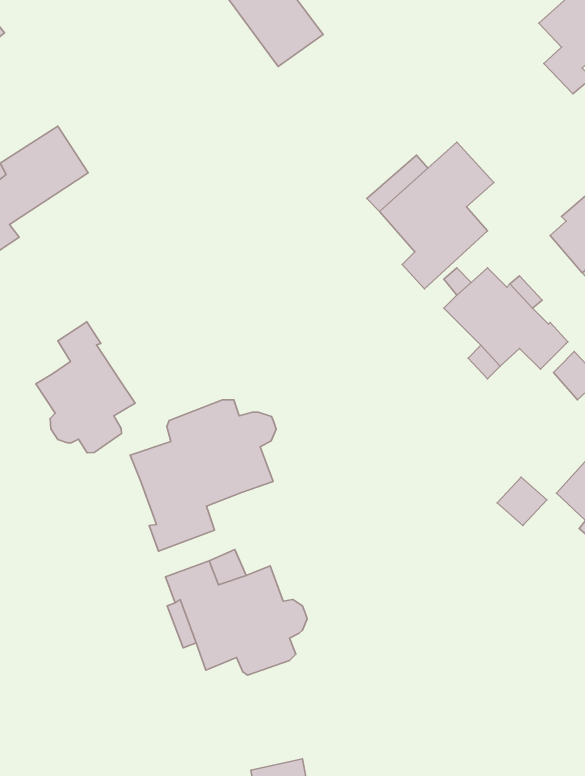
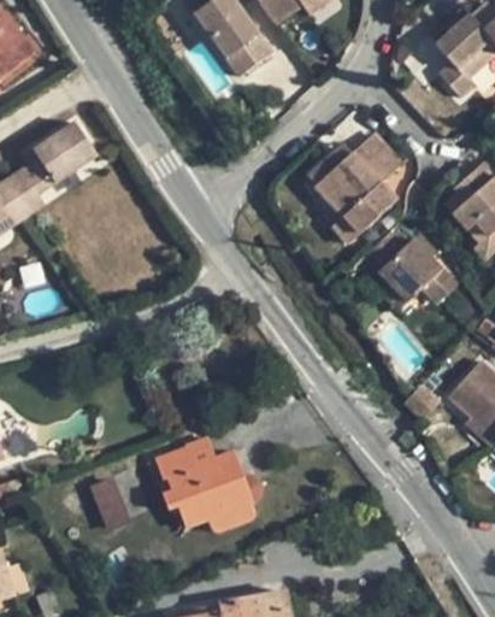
building: [36,322,135,453] -> none
building: [130,400,276,551] -> none
building: none -> [89,476,131,531]

